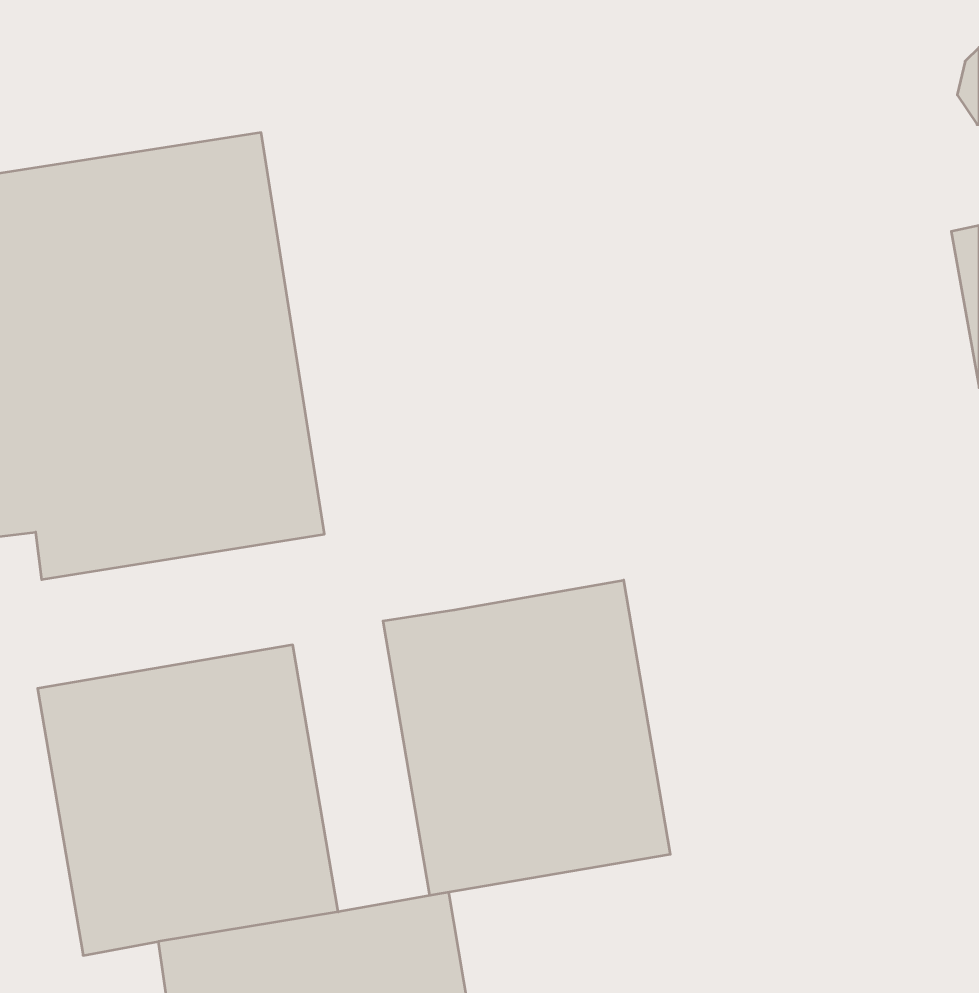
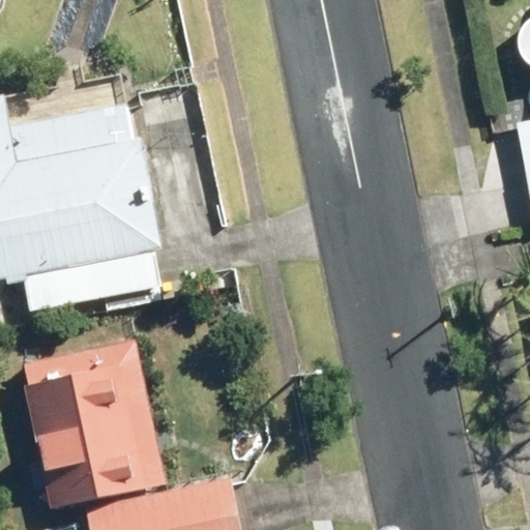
building: [383,580,670,895] -> none

